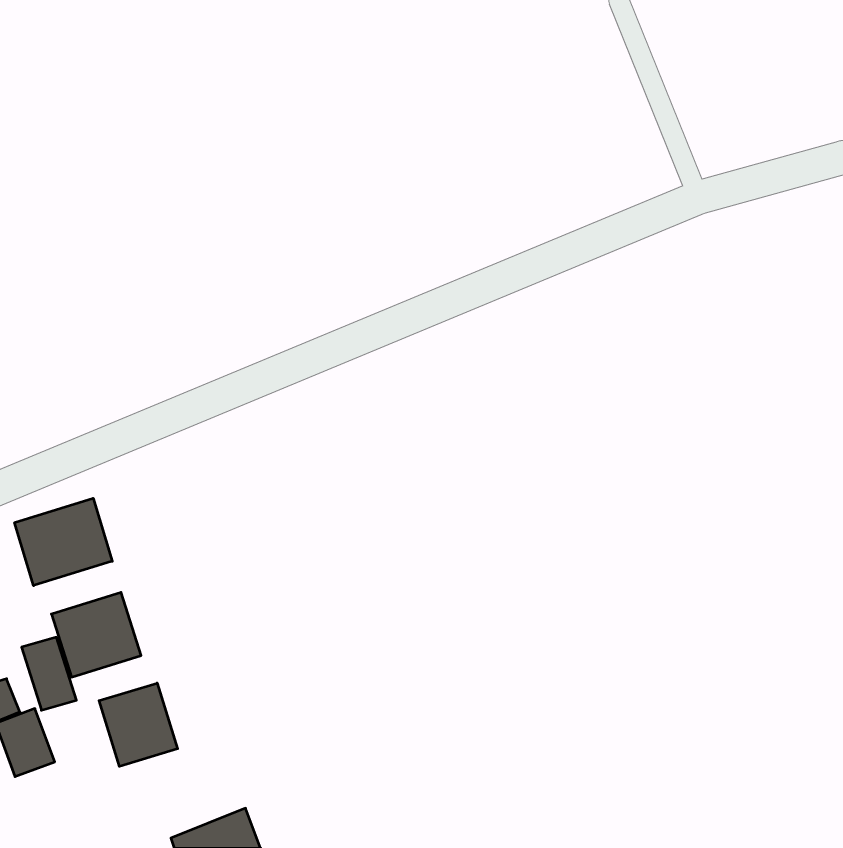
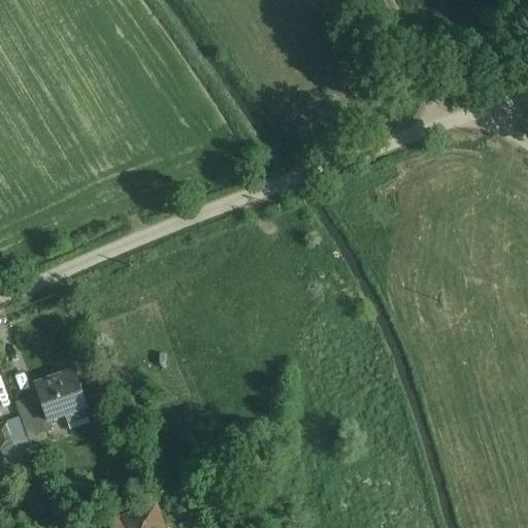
building: [15,498,112,586] -> none
building: [99,683,178,766] -> none

